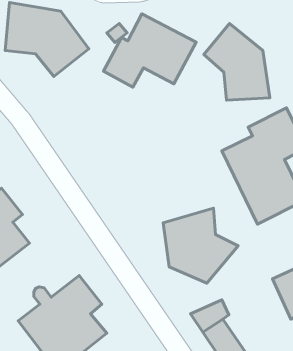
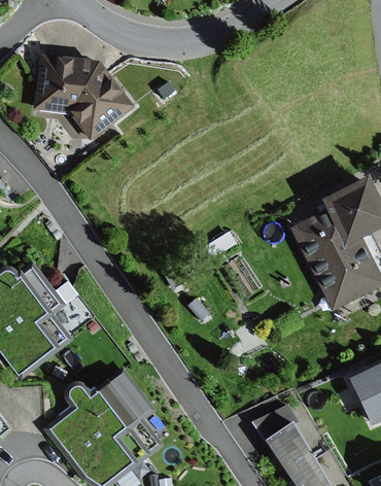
building: [103,14,196,87] -> none
building: [204,24,270,100] -> none
building: [163,208,238,283] -> none

